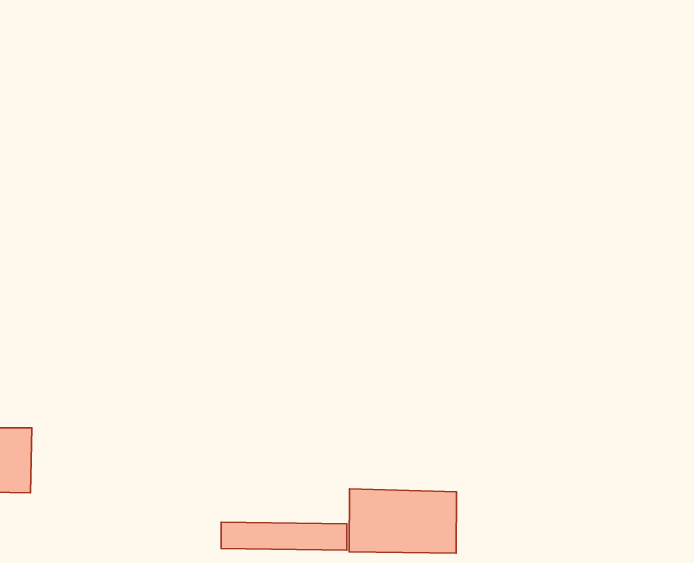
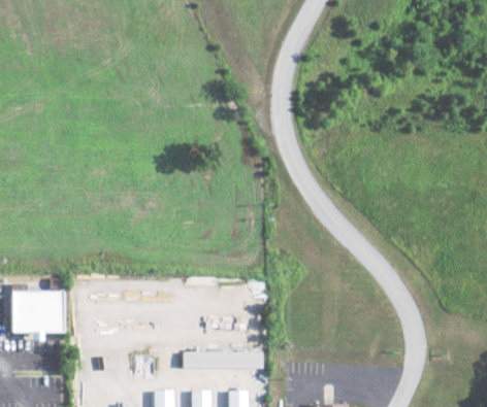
building: [349,489,456,553] -> none

